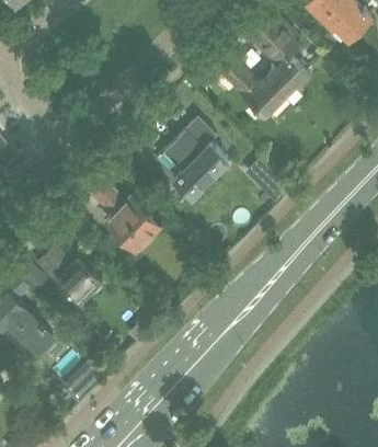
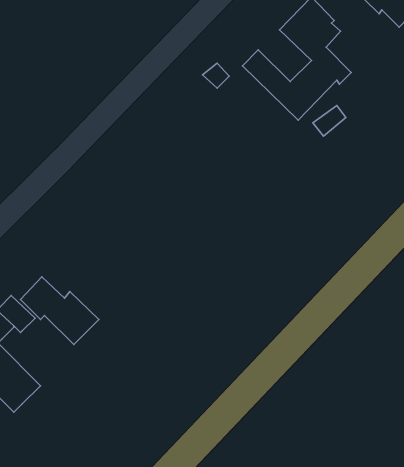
building: [156,123,228,197] -> none
building: [91,182,160,253] -> none

